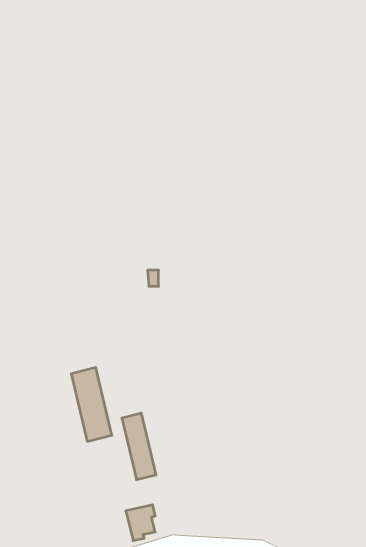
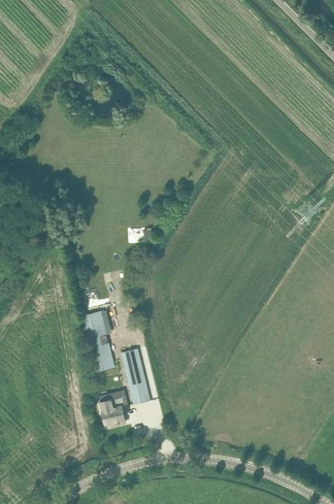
building: [126,505,155,541] -> [100,397,125,427]

